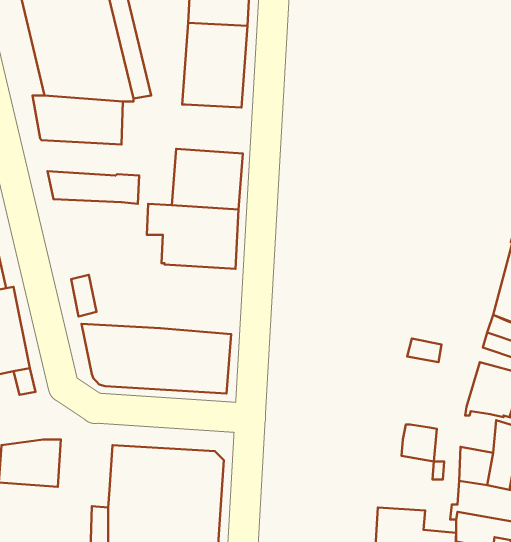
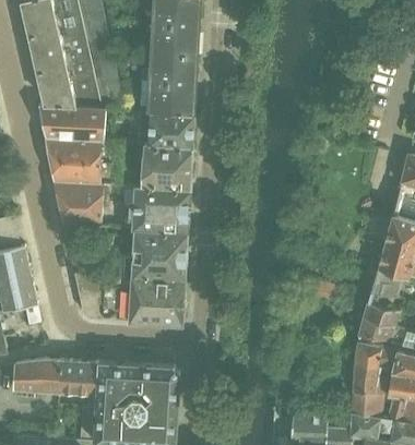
building: none -> [143,113,194,149]
building: none -> [43,139,117,166]
building: none -> [52,183,103,229]
building: none -> [131,231,187,282]
building: [401,425,437,462] -> [353,342,379,370]
building: none -> [56,360,97,397]

